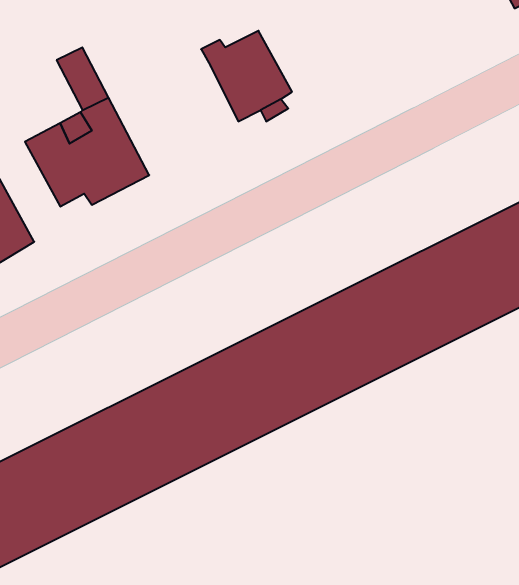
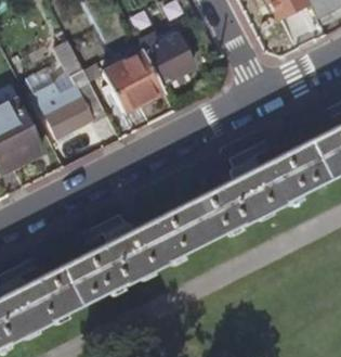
building: none -> [100,47,162,109]

